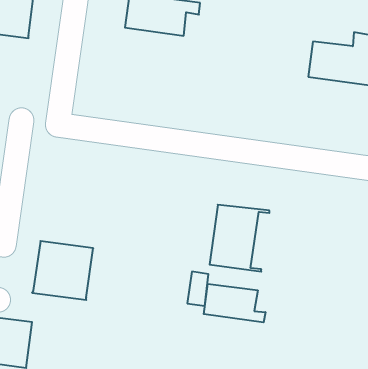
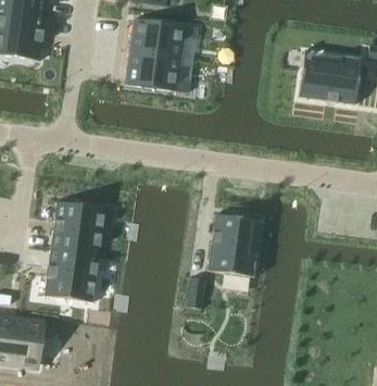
building: none -> [125,49,191,91]
building: none -> [51,200,106,253]
building: [204,284,265,322] -> none

